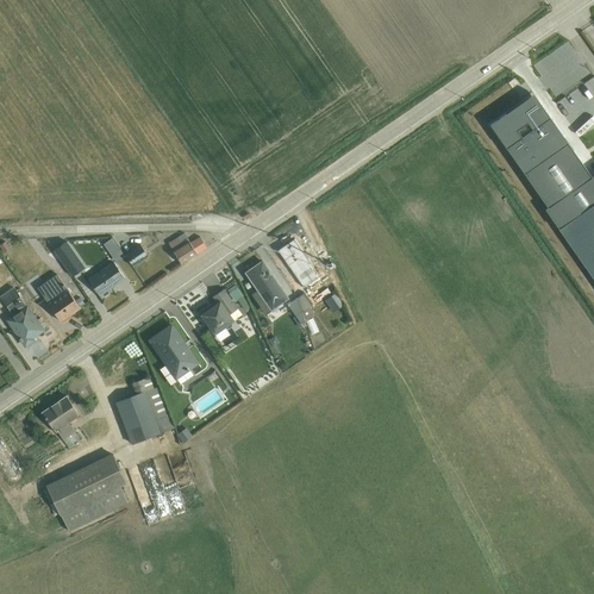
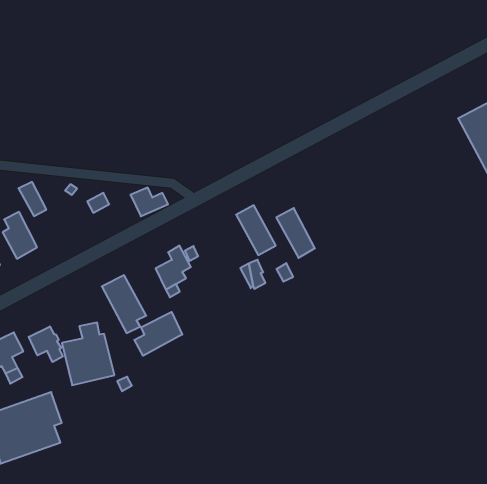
building: [244,261,287,311] -> [276,208,315,258]
building: [87,262,124,299] -> none
building: none -> [134,312,182,356]
building: none -> [29,326,63,362]

